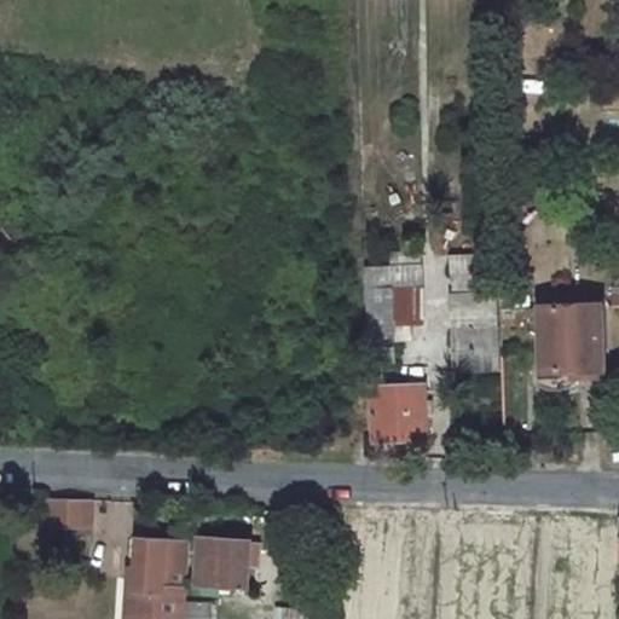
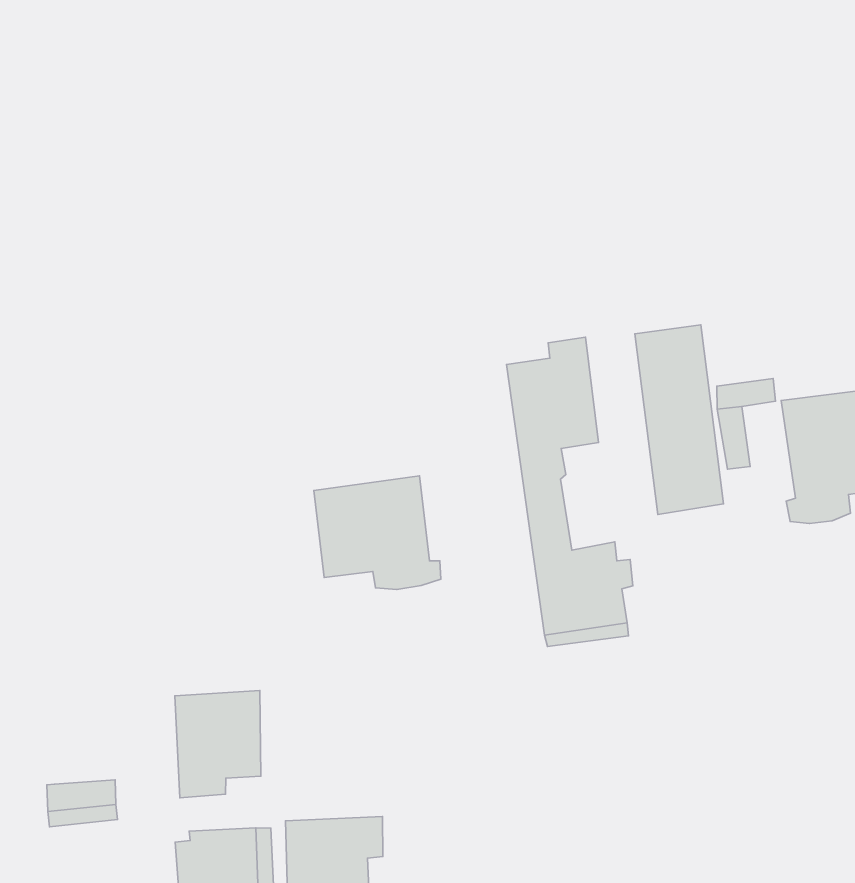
building: none -> [314,476,441,589]
building: none -> [175,690,261,798]

